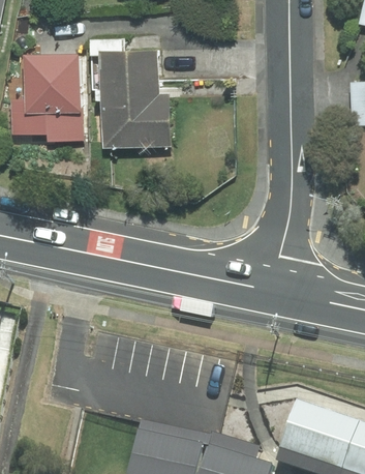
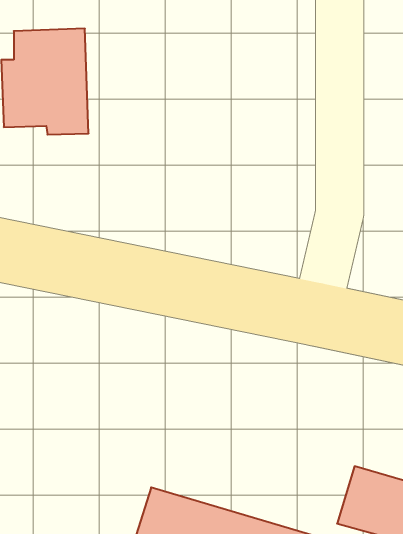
building: [91,37,171,149] -> none

